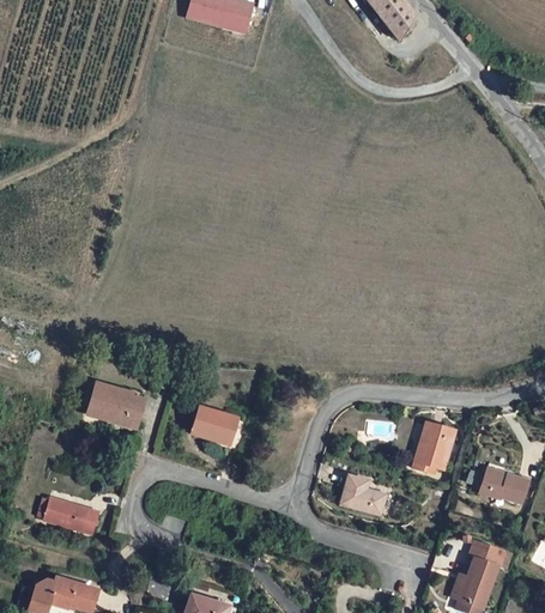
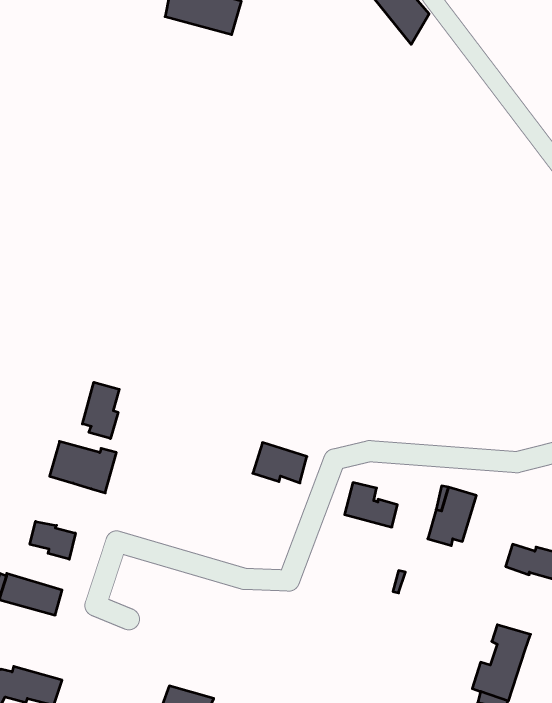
building: none -> [82,382,119,439]
building: [190,406,237,441] -> [253,443,307,483]
building: none -> [30,521,75,559]
building: [340,475,386,514] -> [345,483,397,527]

